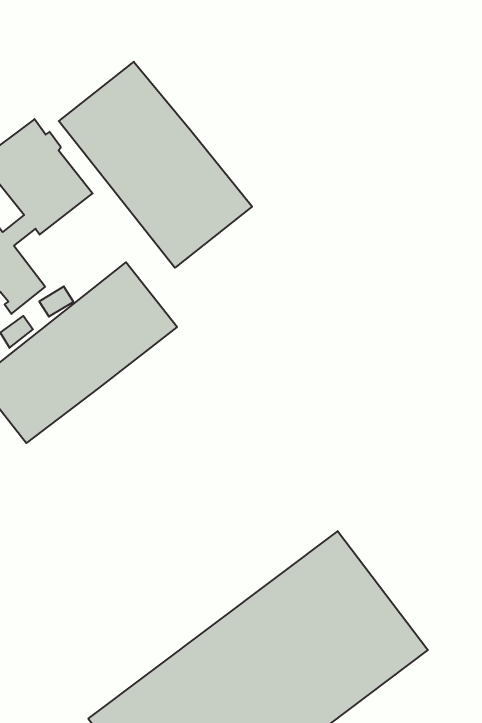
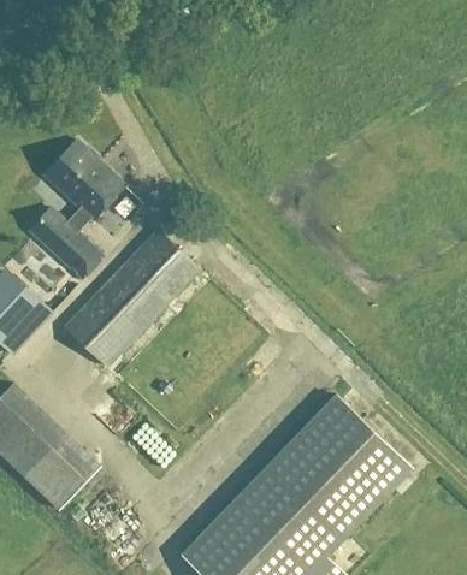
building: [59,62,252,268] -> none

